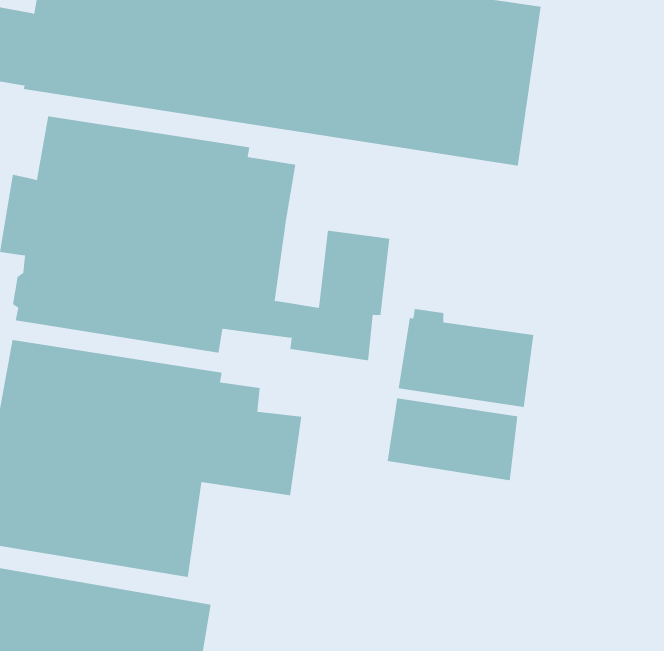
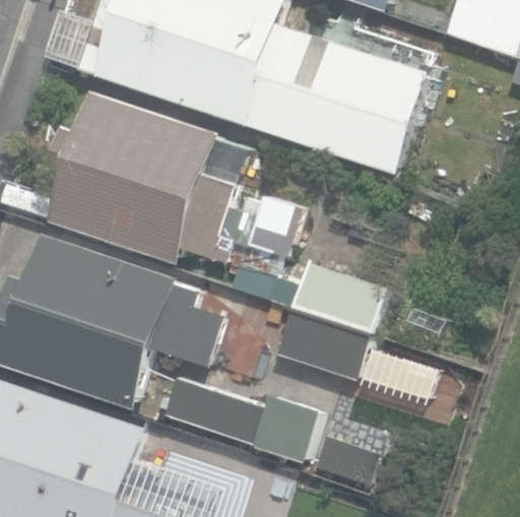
building: none -> [162,378,317,463]

